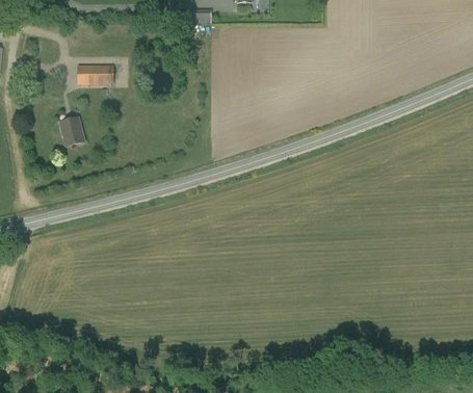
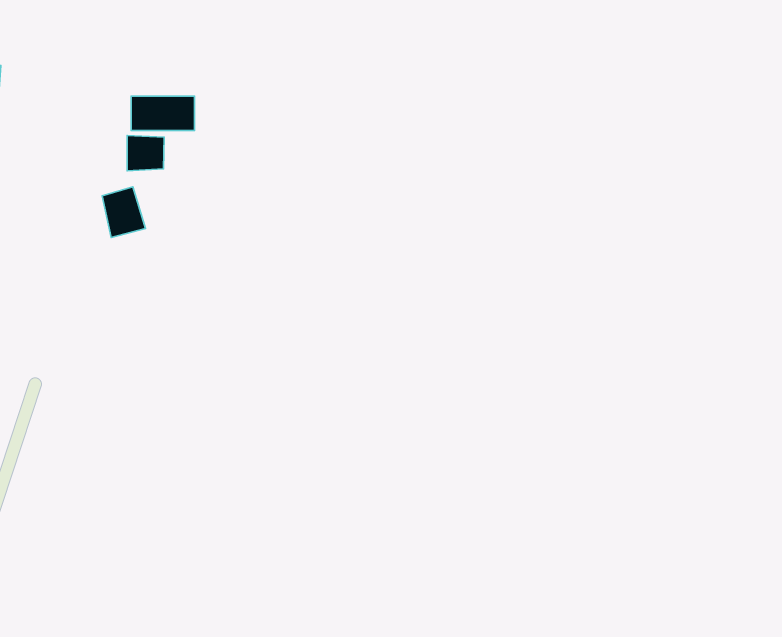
building: none -> [127,135,164,171]

